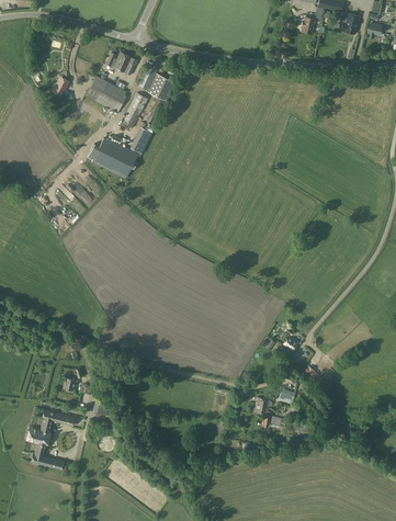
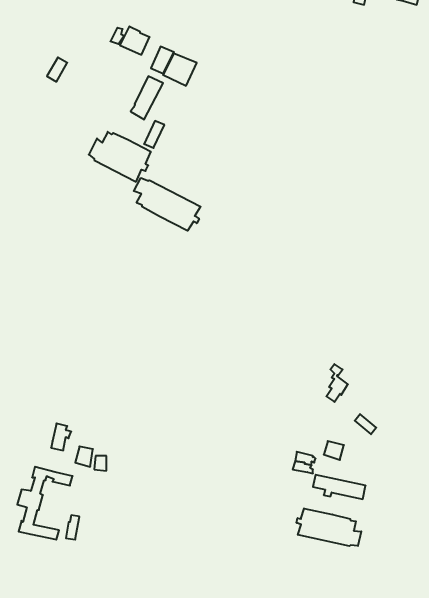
building: [86,76,127,113] -> none
building: none -> [134,178,201,231]
building: none -> [297,508,361,546]

